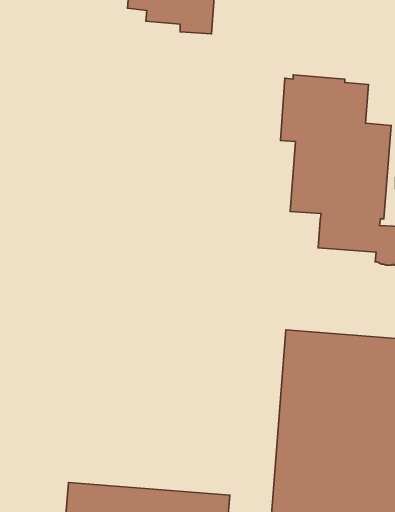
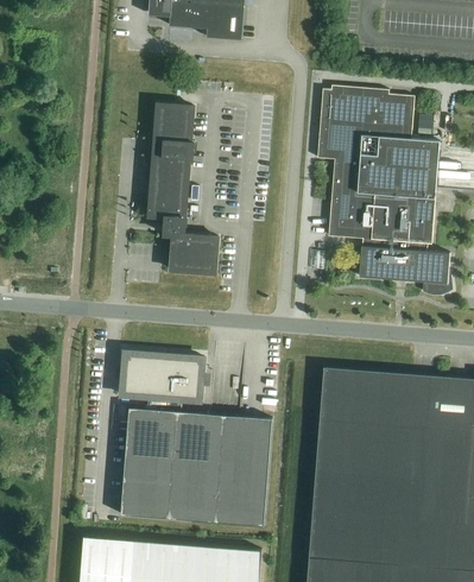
building: none -> [148,105,217,274]
building: none -> [121,352,272,526]

